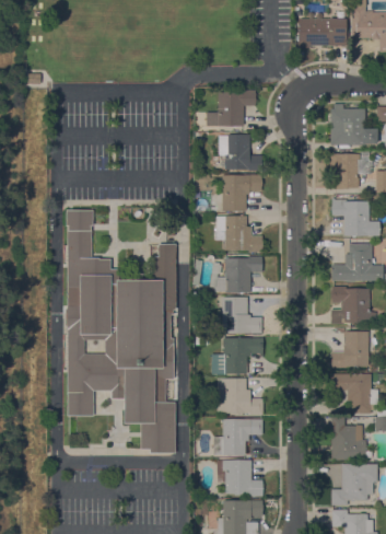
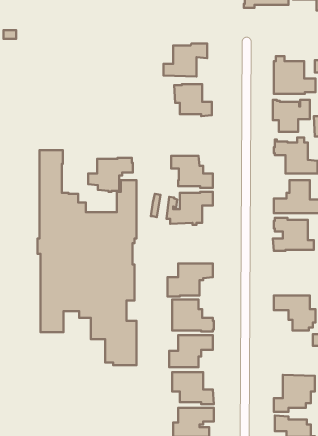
building: [212,174,262,212] -> [88,158,133,192]
building: [222,297,262,333] -> none
building: [331,330,369,368] -> none
building: [331,417,372,461] -> none

